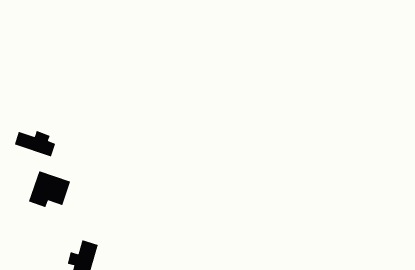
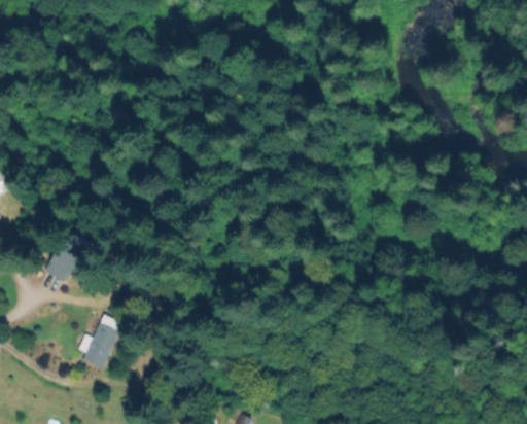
building: [14,130,56,158] -> none

